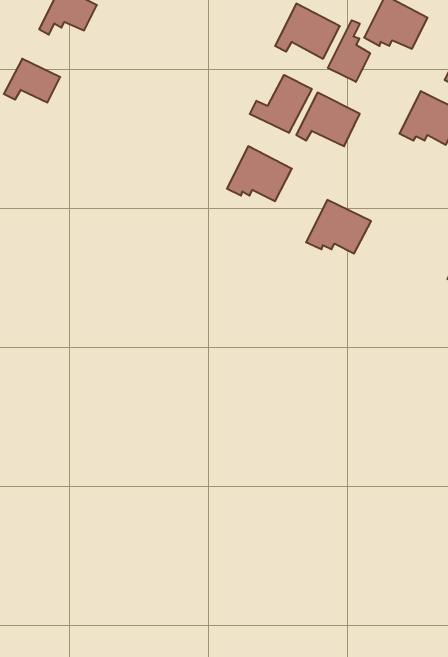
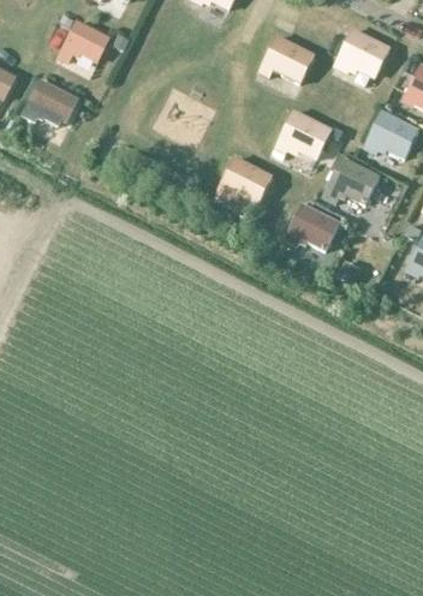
building: [328,20,370,82] -> none
building: [250,75,312,133] -> none
building: none -> [323,157,379,203]

